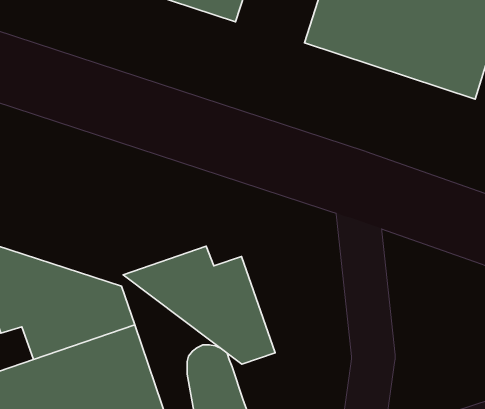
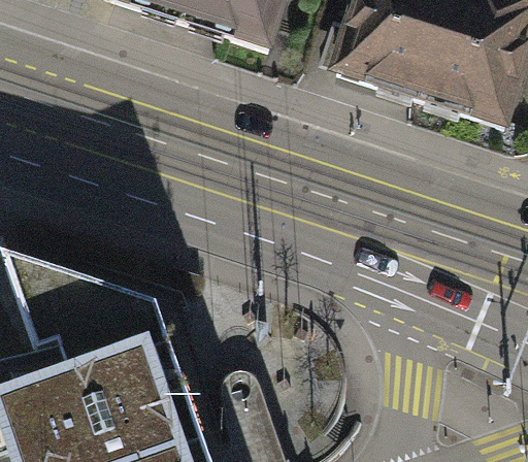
building: [123,246,275,364] -> none

